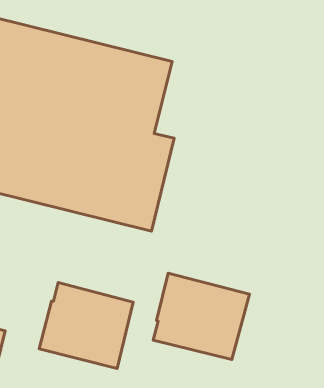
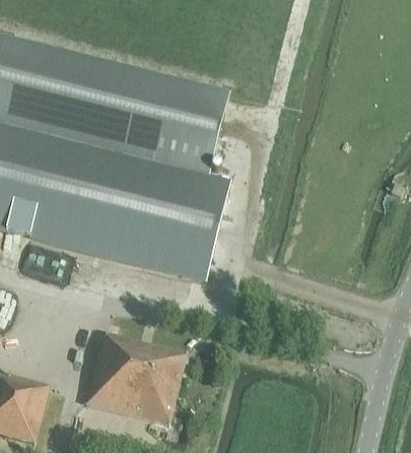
building: [153,273,250,359] -> none

